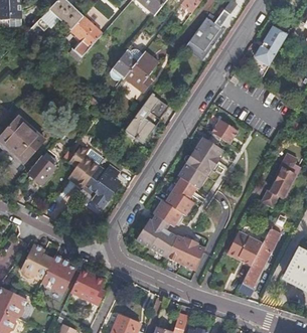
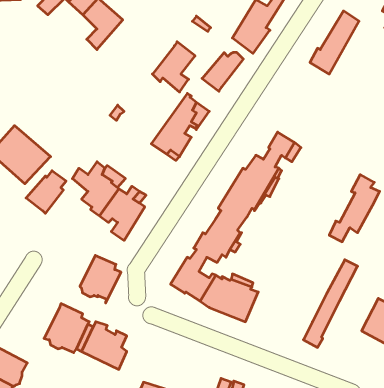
building: [109,48,141,78] -> [202,53,243,91]
building: [226,235,260,269] -> none
building: [19,244,51,282] -> [80,255,121,303]

